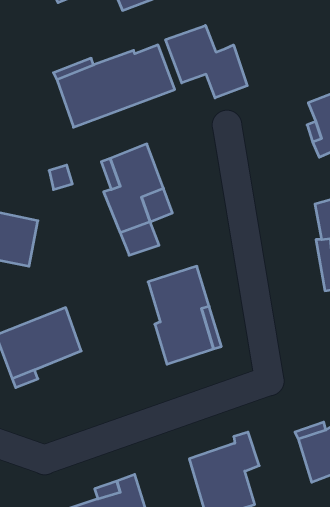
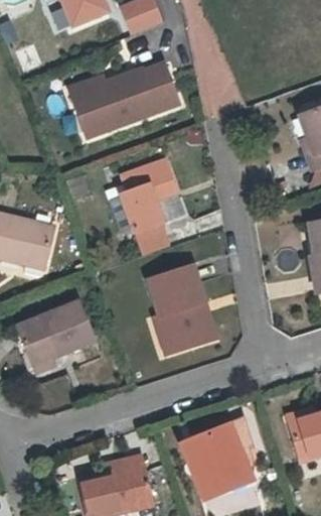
building: [166,25,247,98] -> none

